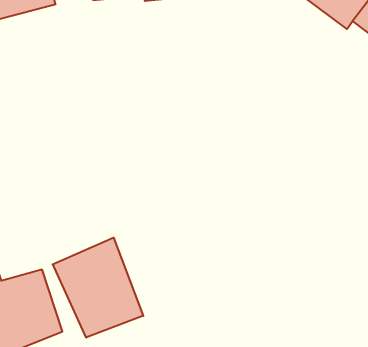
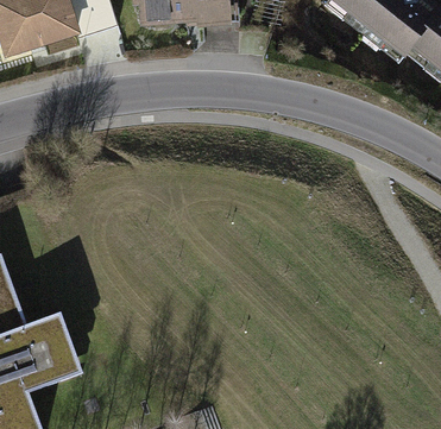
building: [53,238,143,338] -> none

